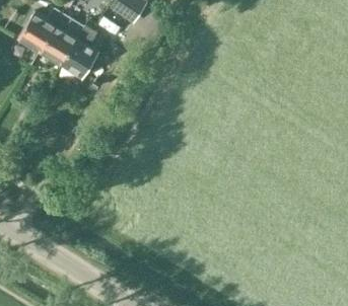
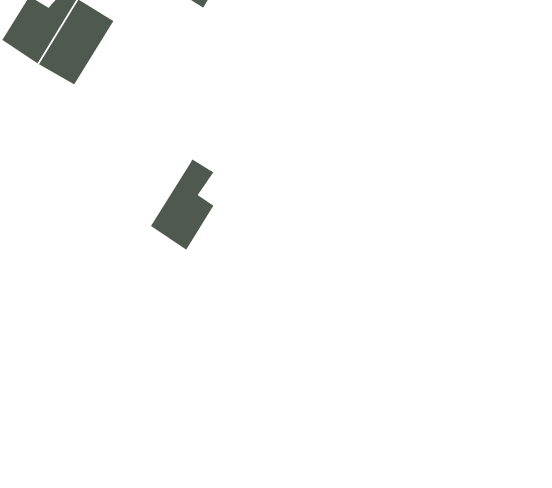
building: [61,25,98,79] -> [150,158,214,251]

